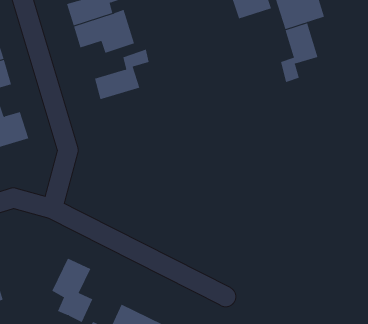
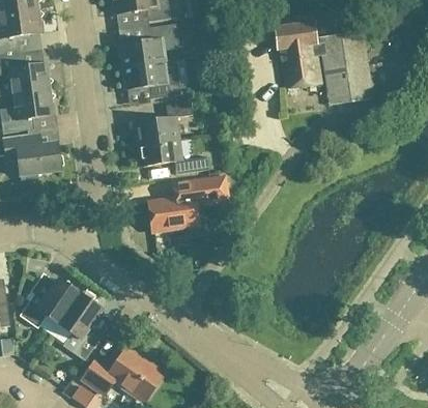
building: [280,22,318,83] -> none
building: none -> [137,139,208,174]
building: none -> [147,176,228,232]
building: none -> [20,280,80,328]

